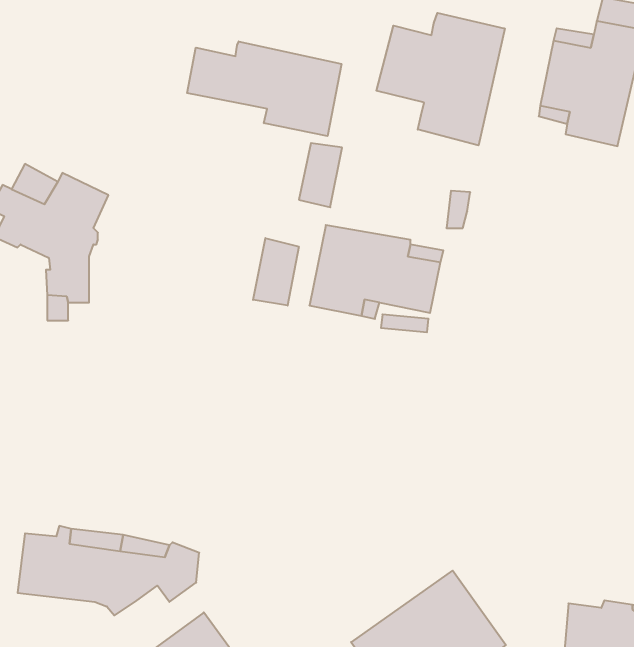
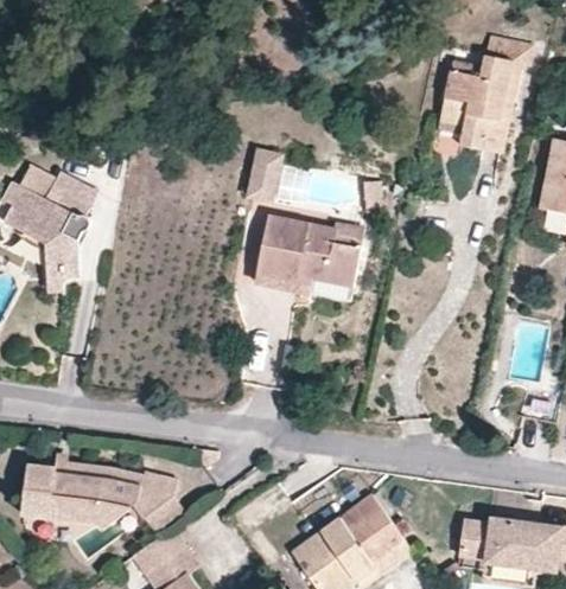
building: [376,13,505,145] -> none
building: [187,41,341,136] -> none
building: [253,238,299,306] -> none

